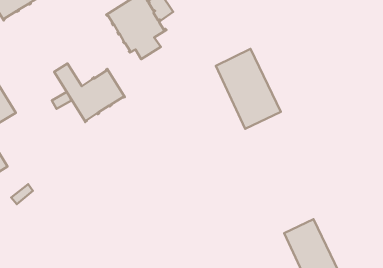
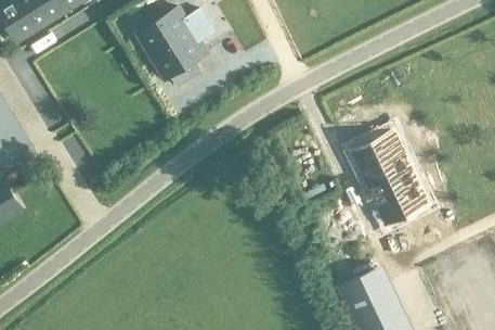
building: [216,49,281,129] -> [353,131,428,224]
building: [54,64,125,122] -> none

